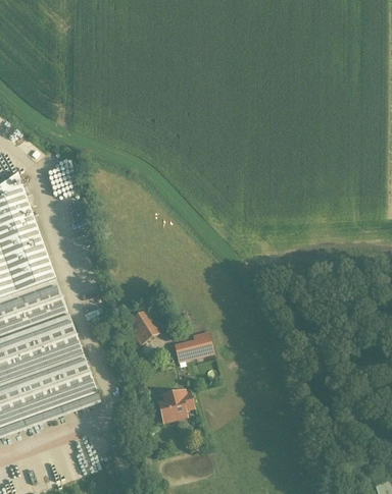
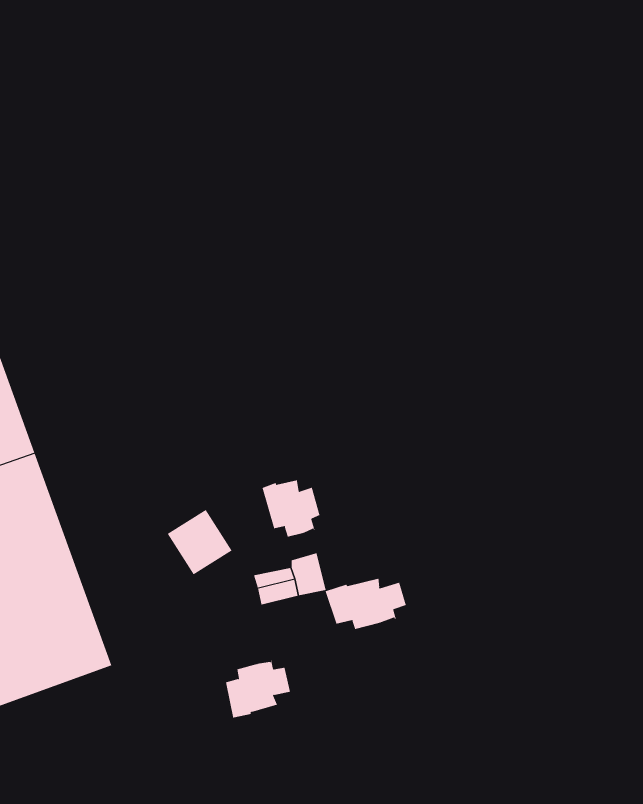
building: none -> [262,479,320,538]
building: none -> [325,578,407,630]

